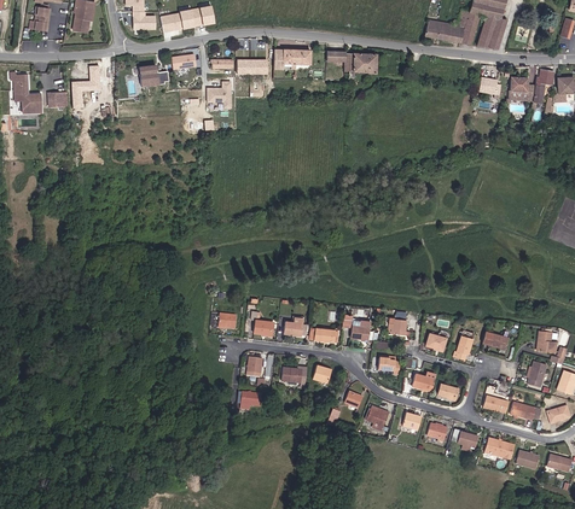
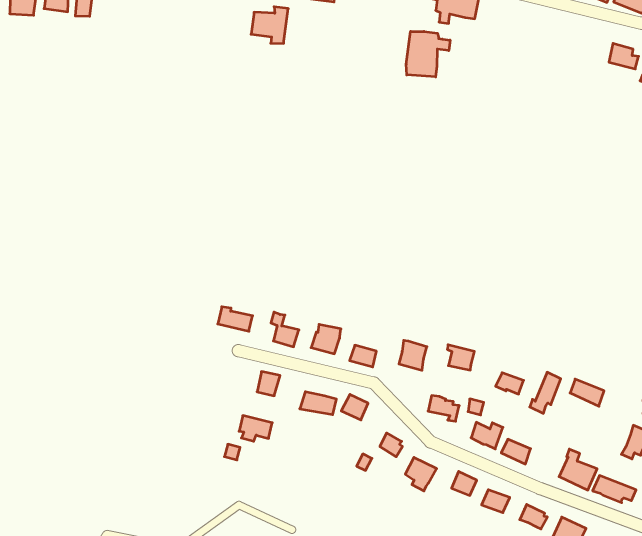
building: none -> [406,31,450,77]

